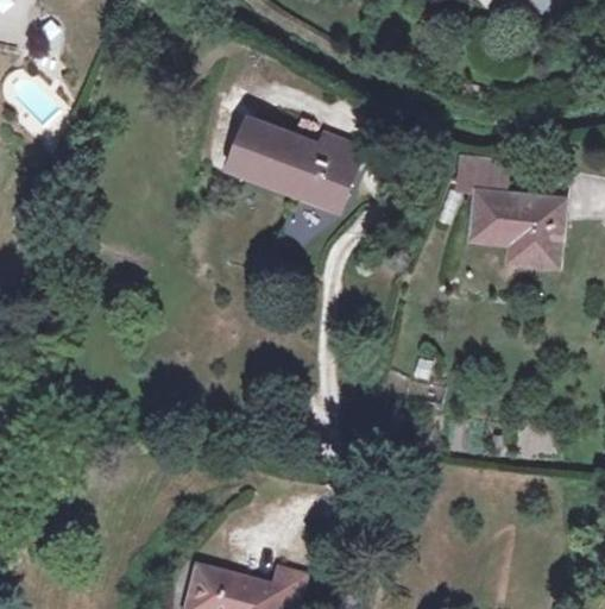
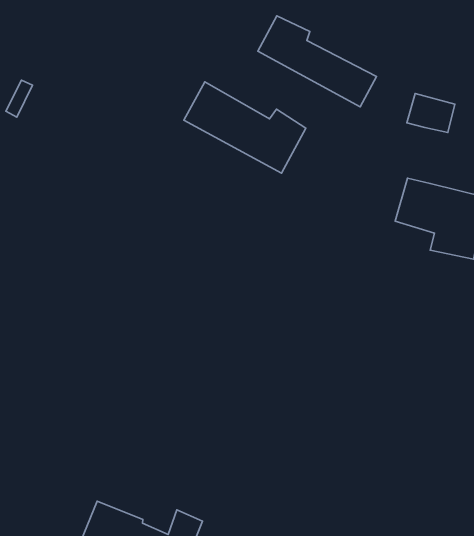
building: none -> [258,16,376,107]
building: [454,161,500,196] -> [407,93,455,133]

